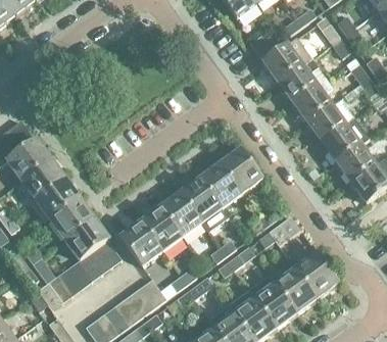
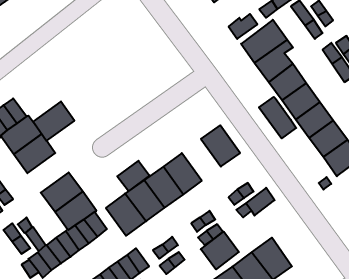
building: none -> [259,97,296,138]
building: [200,162,242,207] -> none
building: [36,178,80,219] -> [33,101,74,141]
building: none -> [117,161,150,191]
building: [296,252,339,298] -> none
building: none -> [201,232,239,269]

